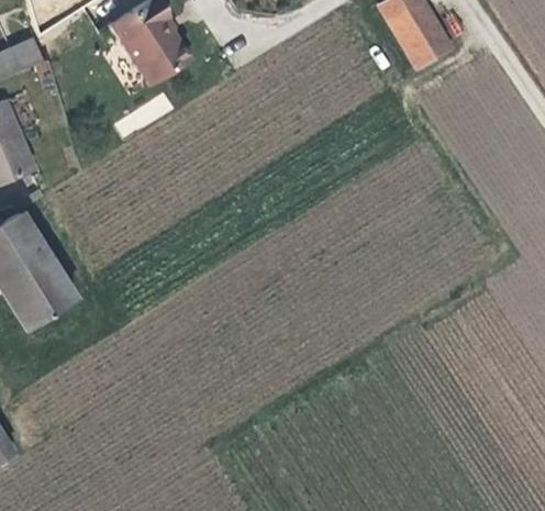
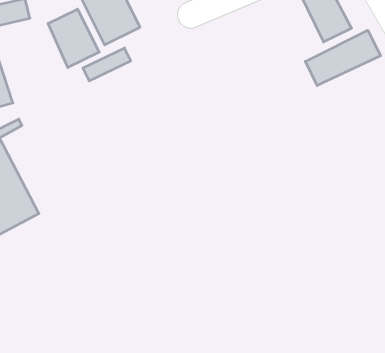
building: none -> [48,9,99,68]
building: none -> [305,30,380,86]

